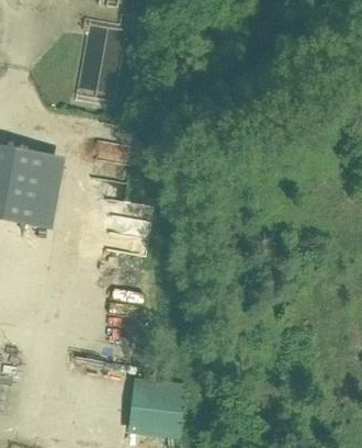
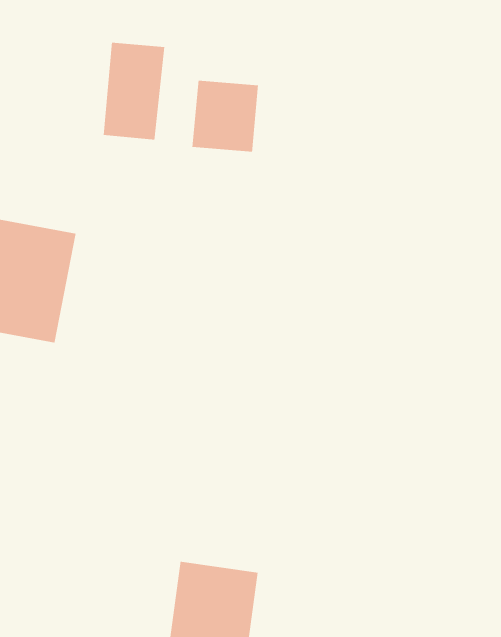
building: none -> [192,80,259,153]

